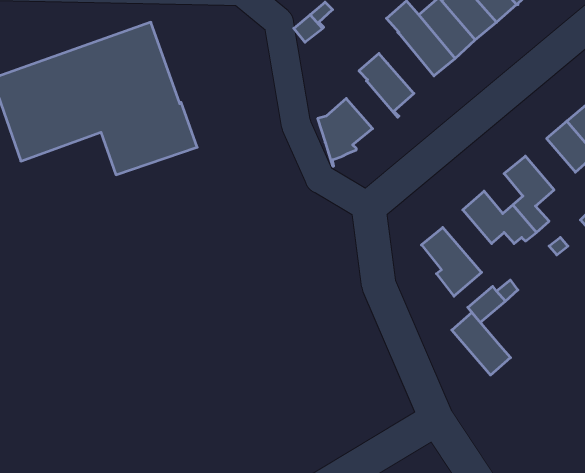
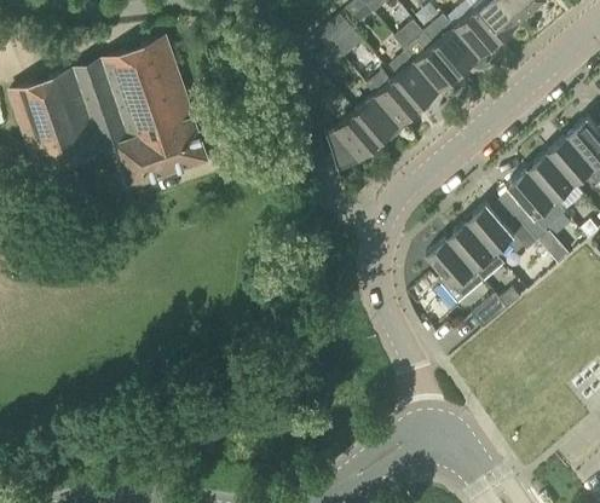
building: none -> [390,50,440,106]
building: none -> [356,94,405,140]
building: none -> [529,150,577,200]
building: [452,313,511,375] -> [449,219,506,279]

